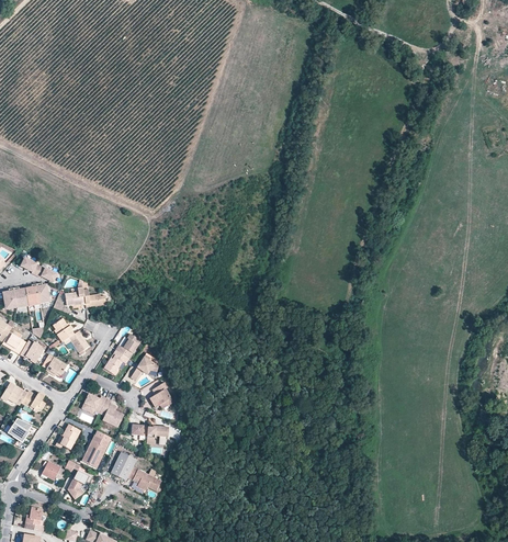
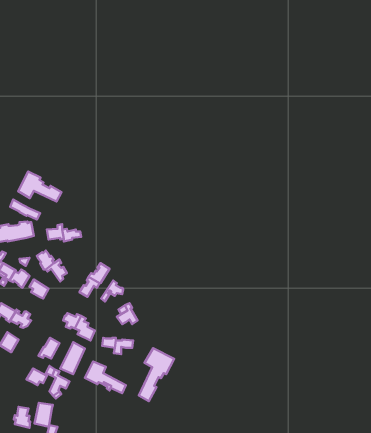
building: none -> [18,171,62,201]
building: none -> [139,348,174,401]
building: none -> [35,403,53,427]

